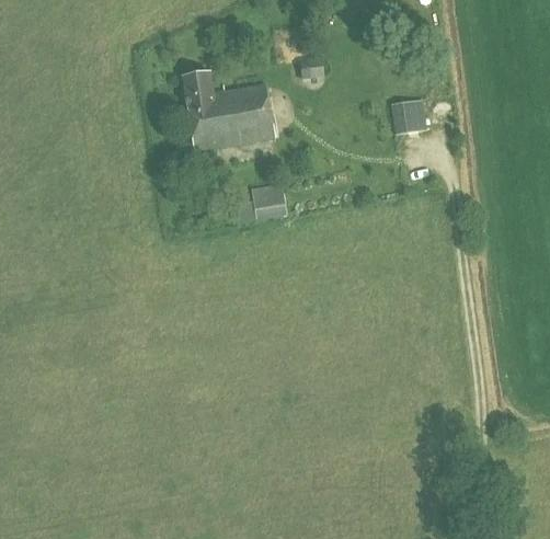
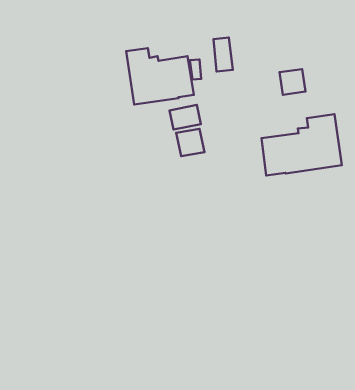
building: none -> [170,105,201,130]
building: none -> [262,114,342,175]

